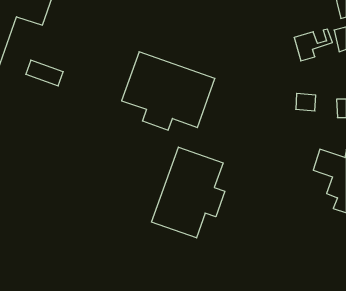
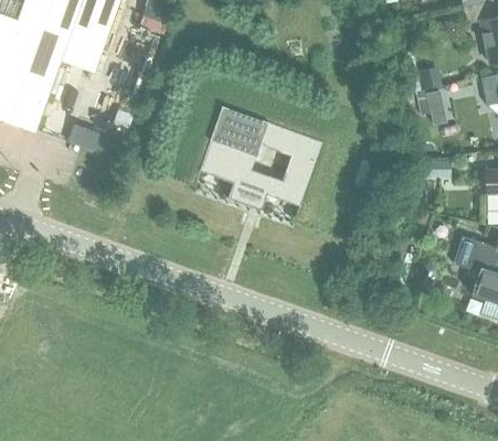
building: [152,147,225,238] -> none

